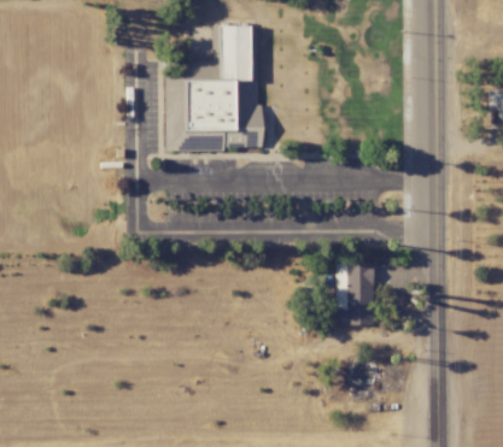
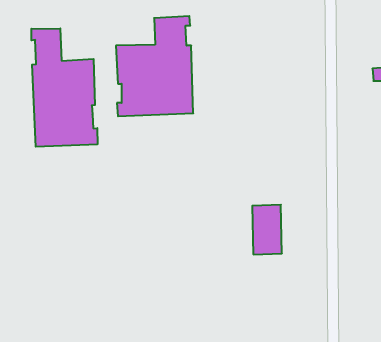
building: none -> [31,28,97,147]

